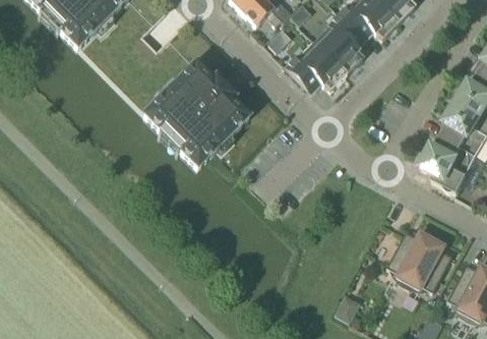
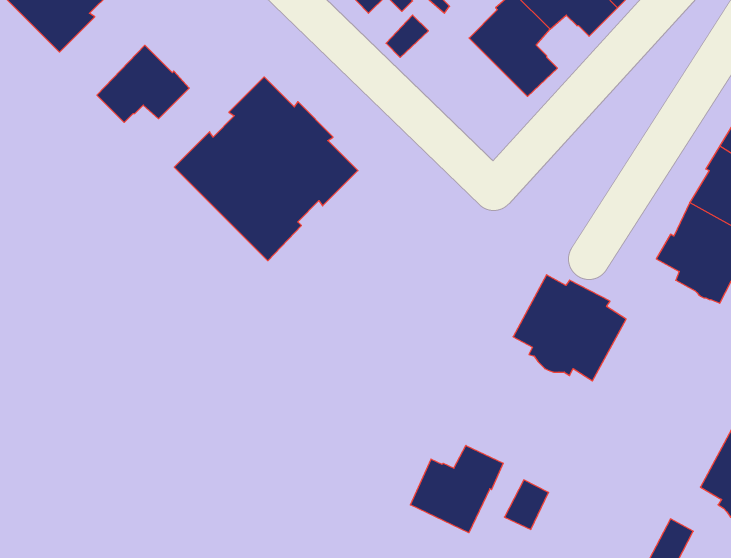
building: [288,38,349,89] -> none
building: none -> [97,45,189,122]
building: [388,228,453,289] -> [513,275,626,381]
building: none -> [410,445,503,533]

